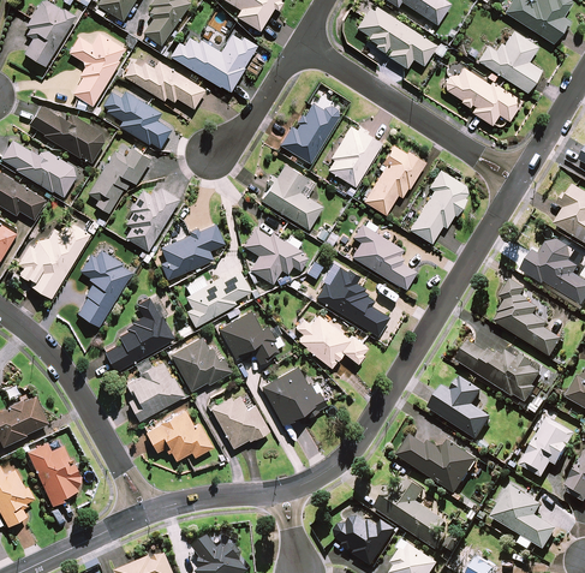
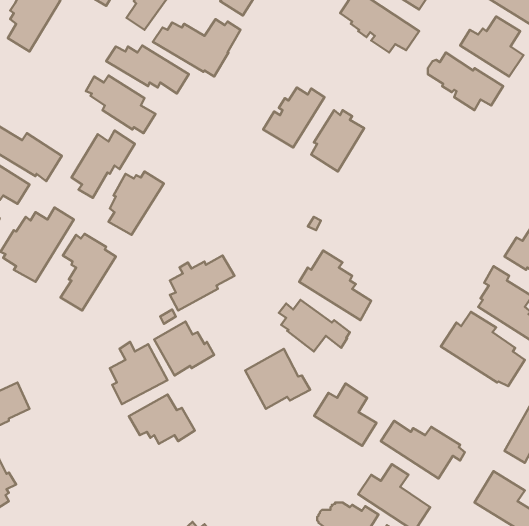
building: [68,32,125,106] -> none
building: [29,106,107,163] -> none
building: [364,144,425,214] -> none
building: [262,163,322,228] -> none
building: [410,169,470,243] -> none
building: [352,219,416,288] -> none
building: [161,223,223,279] -> none
building: [244,227,308,282] -> none
building: [102,297,172,370] -> none
building: [219,310,277,362] -> none
building: [429,377,491,440] -> [314,383,377,446]
building: [211,393,269,447] -> none
building: [26,443,79,506] -> none

